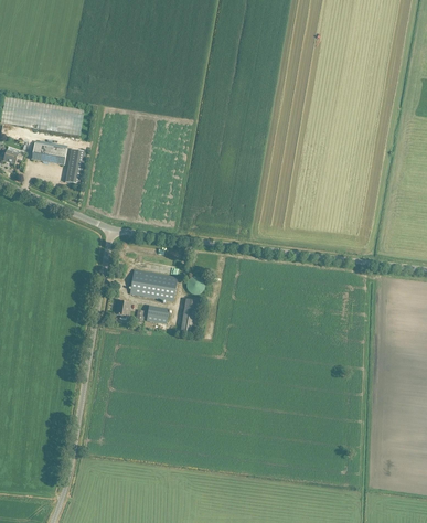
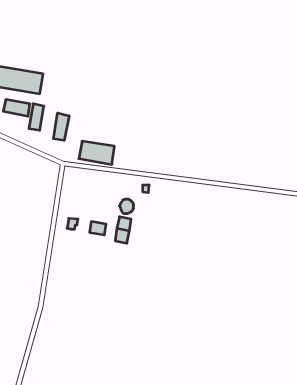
building: none -> [53,113,69,140]
building: [128,269,175,300] -> [79,141,114,164]

